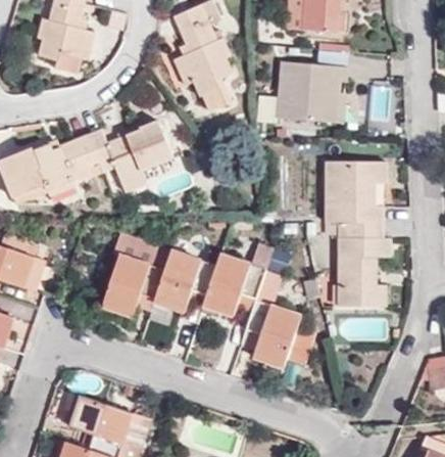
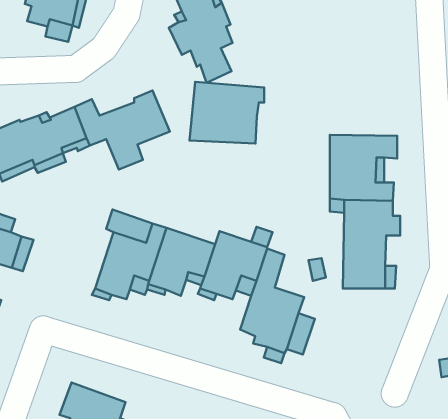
building: [276,61,346,120] -> [190,82,264,144]

